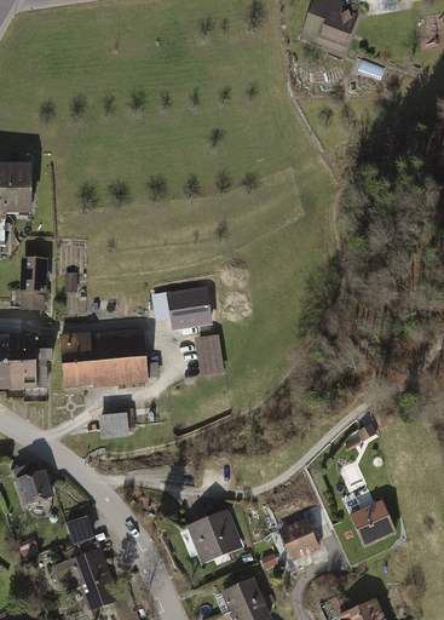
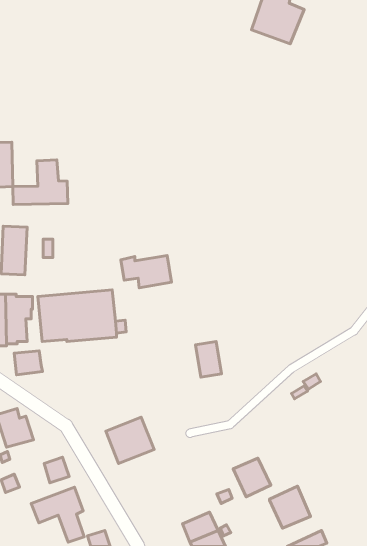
building: none -> [13,160,68,205]
building: [195,334,224,374] -> [196,342,221,377]
building: [98,412,129,438] -> [14,351,42,375]
building: [351,500,397,547] -> [270,486,311,528]
building: [188,510,242,562] -> [106,417,154,464]

